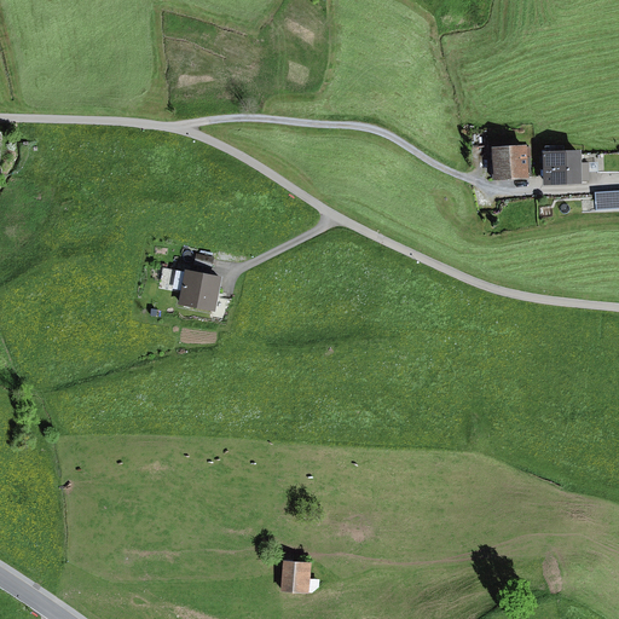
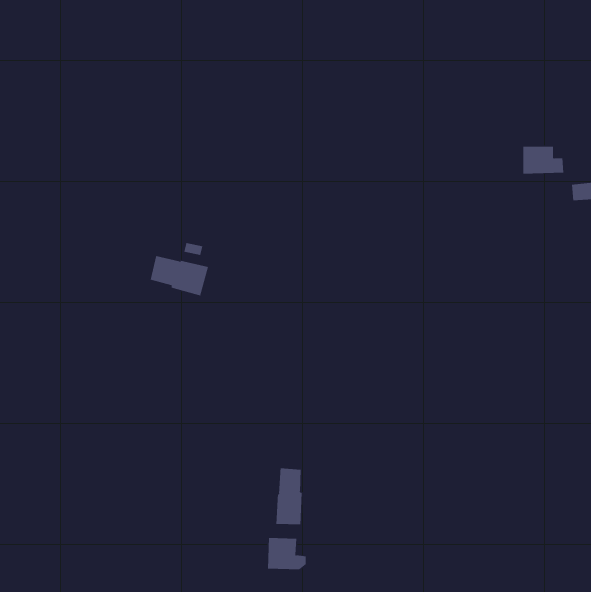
building: [496,146,527,177] -> none
building: none -> [276,468,302,525]

